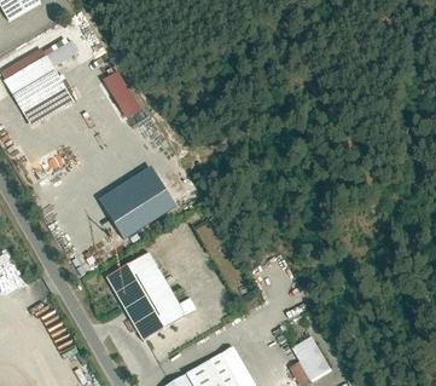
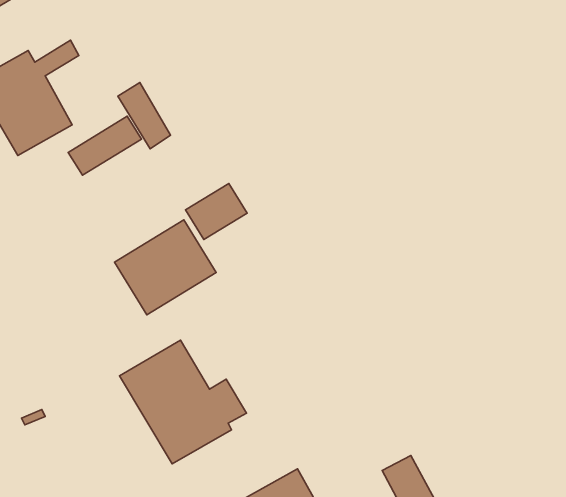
building: none -> [68,116,141,175]
building: none -> [186,184,247,240]

